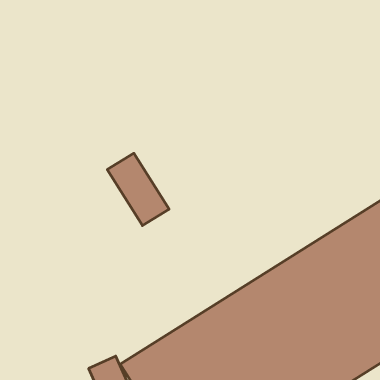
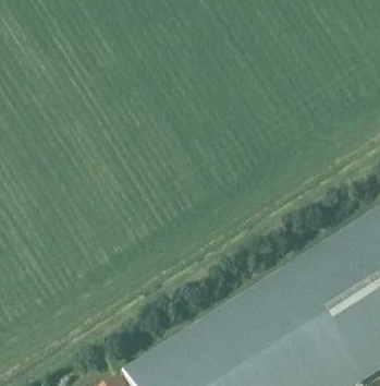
building: [107,153,169,226] -> none

